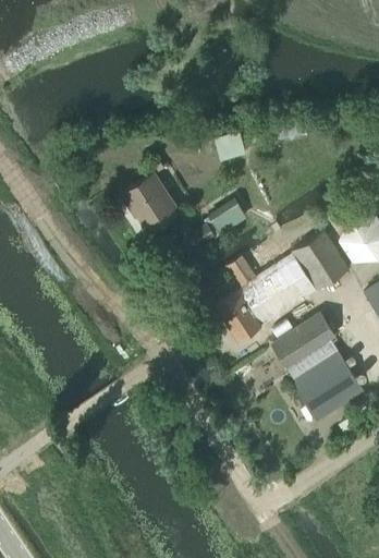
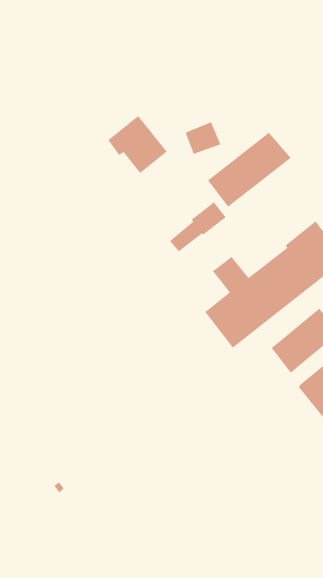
building: none -> [207,132,291,208]
building: [124,177,178,230] -> [107,115,168,174]

